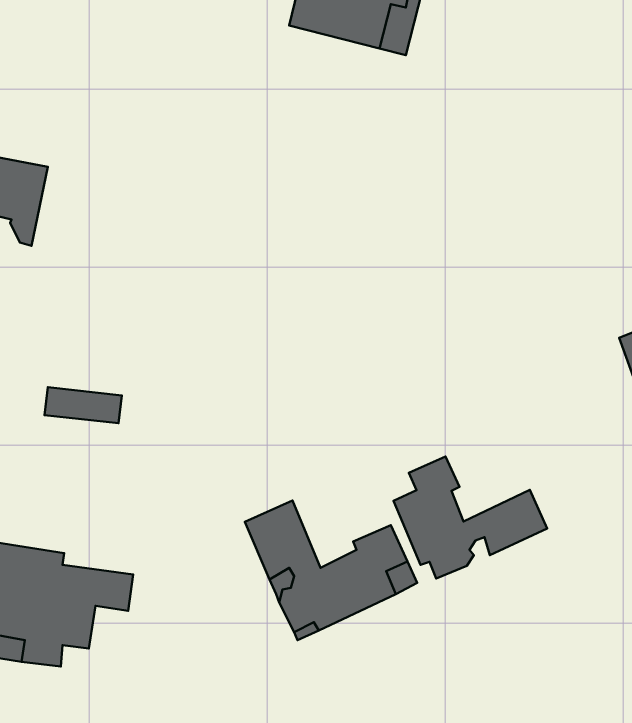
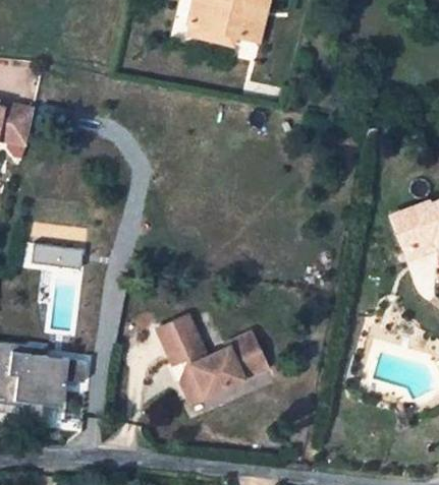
building: [393,457,547,578] -> none

